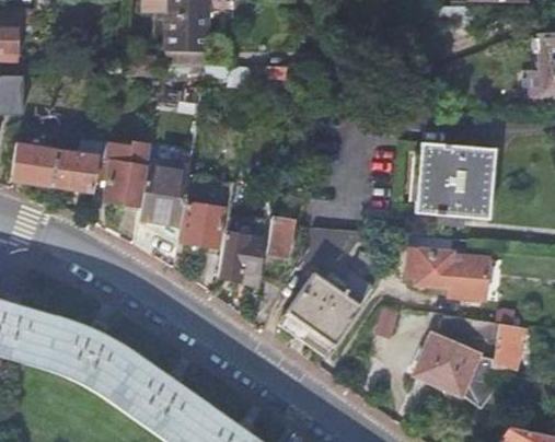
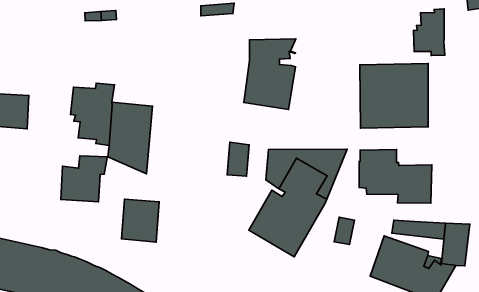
building: none -> [413,9,445,55]
building: none -> [244,39,296,109]
building: [51,140,106,191] -> [61,156,108,202]
building: [182,203,223,246] -> none
building: [218,234,262,283] -> [122,199,159,242]

